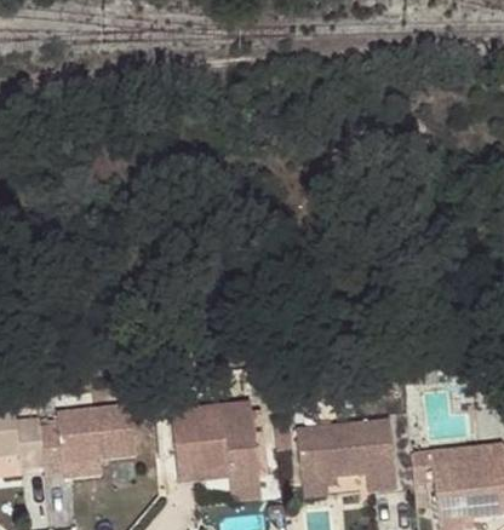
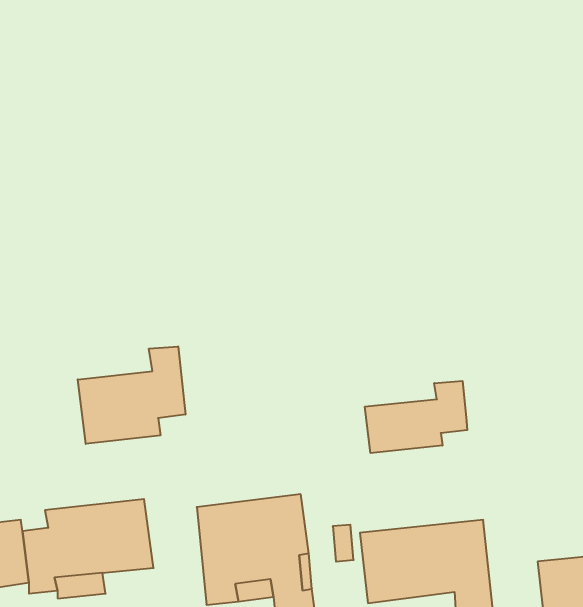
building: none -> [78,346,185,444]
building: none -> [365,381,467,453]

